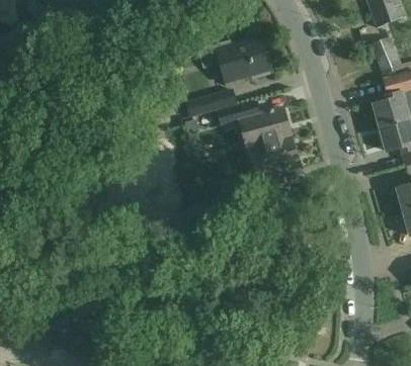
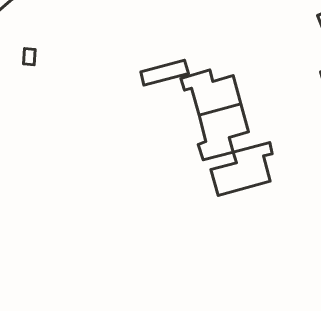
building: [197,34,270,80] -> none
building: none -> [211,143,272,195]

